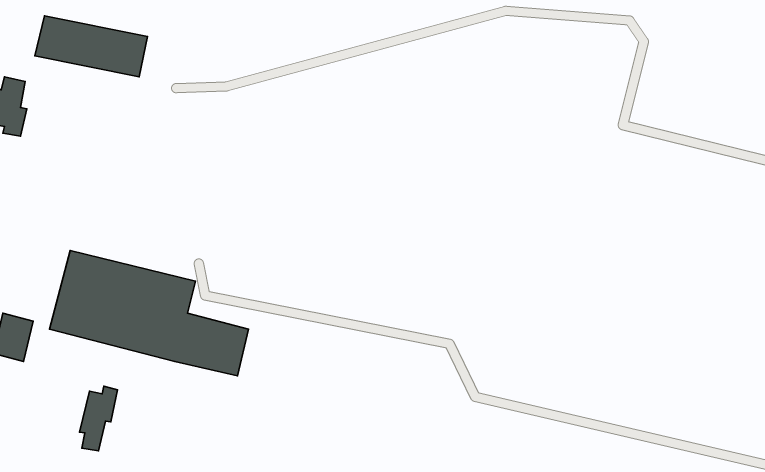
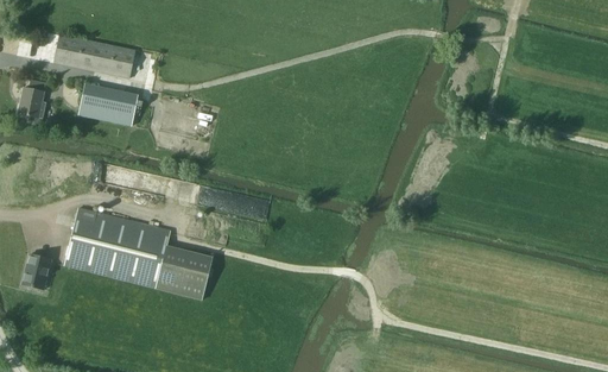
building: none -> [77,83,138,126]
building: [80,386,117,451] -> none

